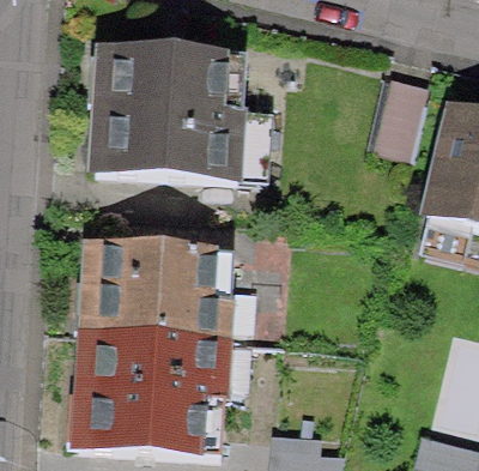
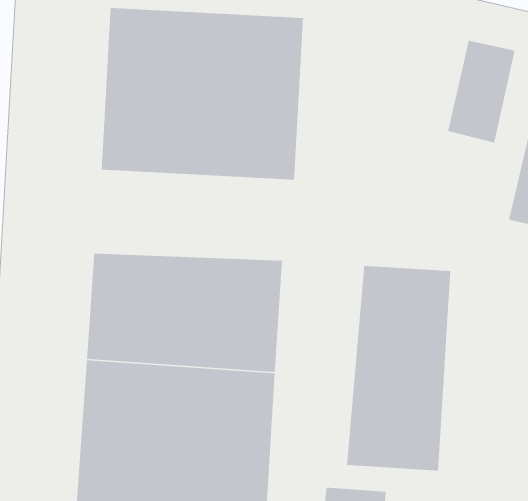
building: none -> [346,265,451,472]

